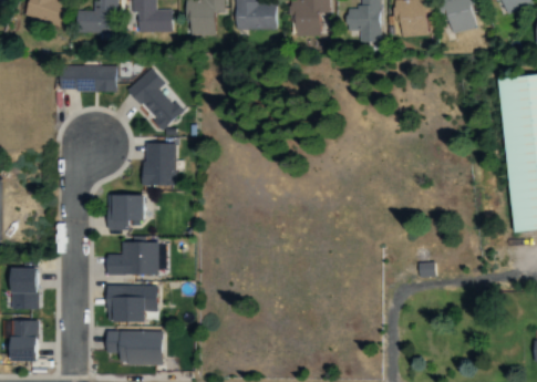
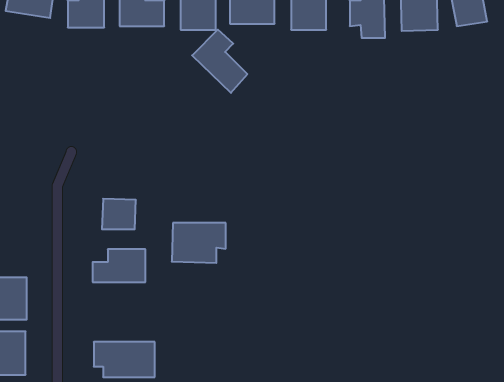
building: [62,65,116,90] -> none
building: [128,68,180,127] -> [192,30,247,93]
building: [144,143,174,185] -> none
building: [107,285,158,322] -> [172,223,226,263]

